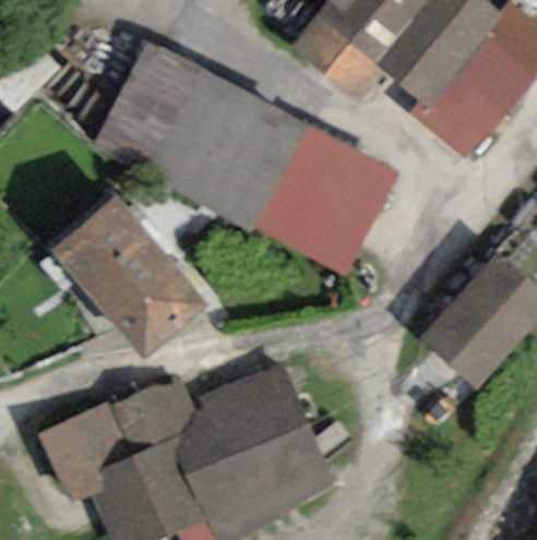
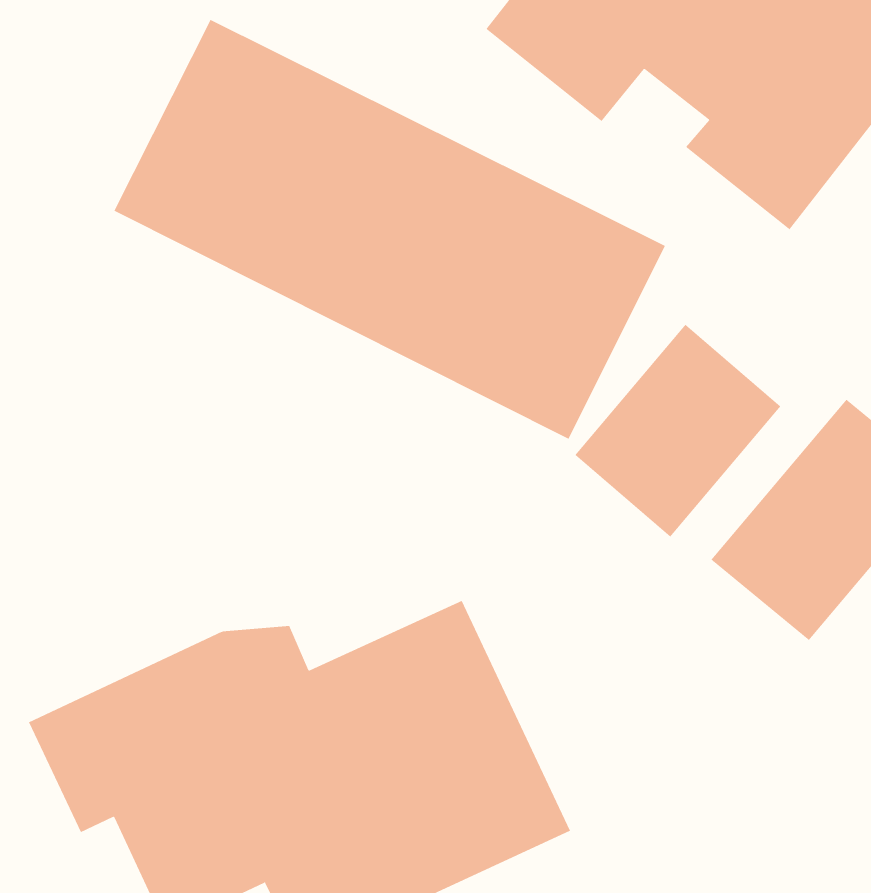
building: [49,193,203,352] -> none
building: none -> [575,324,781,537]

